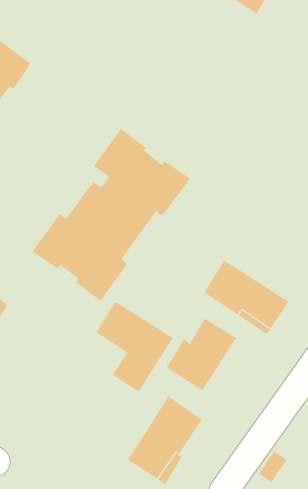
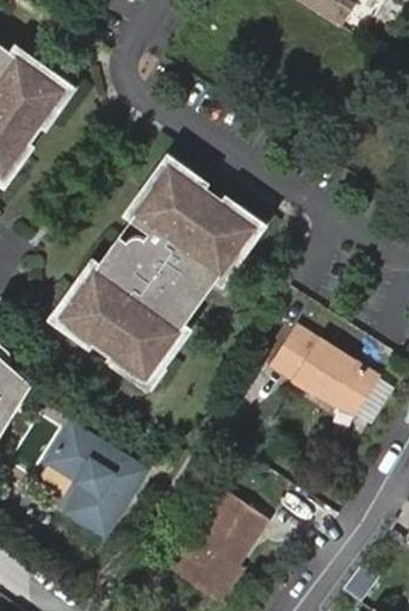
building: [95,301,174,392] -> [52,426,148,538]
building: [166,318,237,391] -> none

